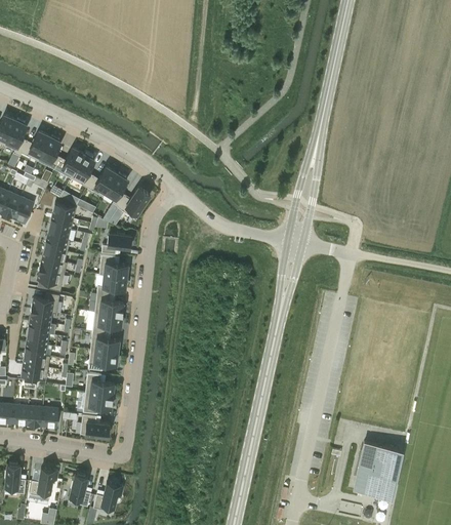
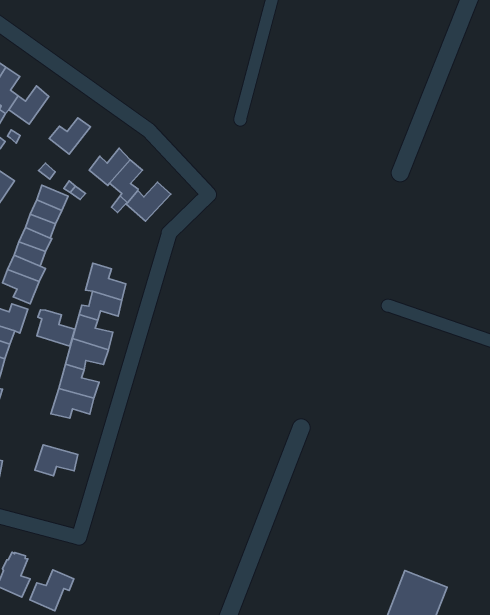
building: [38,136,60,167] -> none
building: [71,154,93,186] -> none
building: [101,232,131,253] -> none
building: none -> [37,310,75,346]
building: [85,372,114,395] -> none
building: [80,413,109,437] -> none

